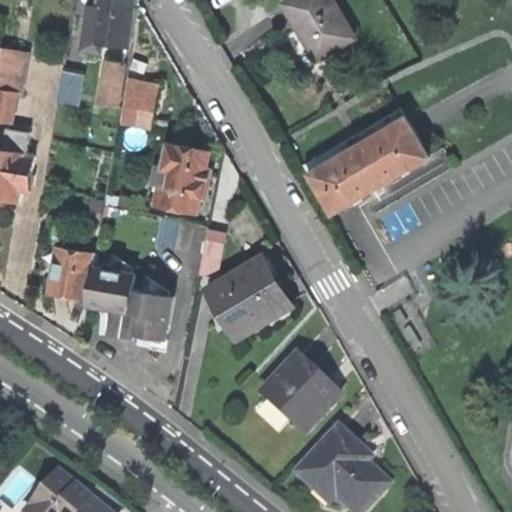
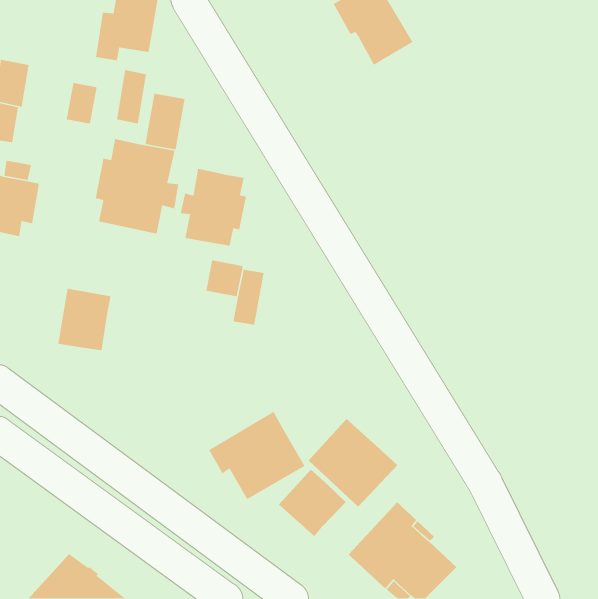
building: [304,109,427,211] -> none
building: none -> [95,138,179,235]
building: [204,258,287,334] -> [208,411,306,500]
building: [86,266,173,339] -> none
building: none -> [278,469,347,537]

